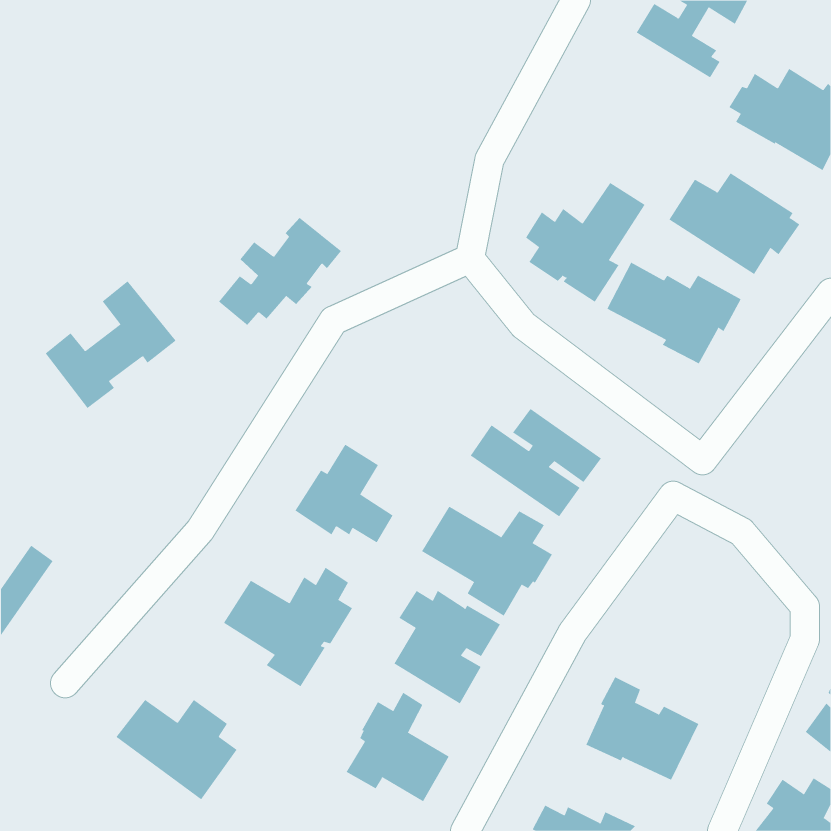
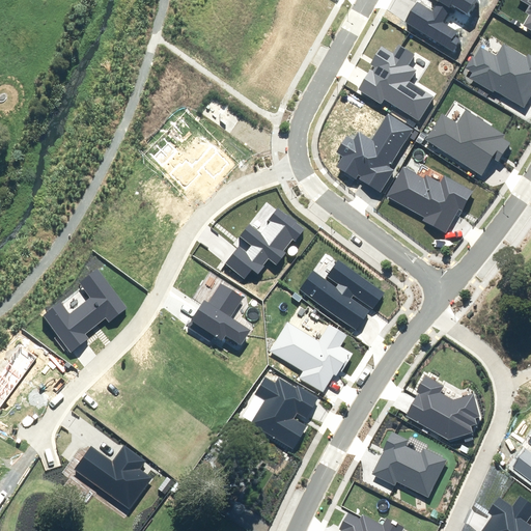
building: none -> [358,46,432,120]
building: [218,217,342,326] -> [226,208,305,278]
building: [45,280,177,409] -> [44,270,128,352]
building: [223,567,353,687] -> none
building: none -> [407,375,480,440]
building: [346,692,450,802] -> none

